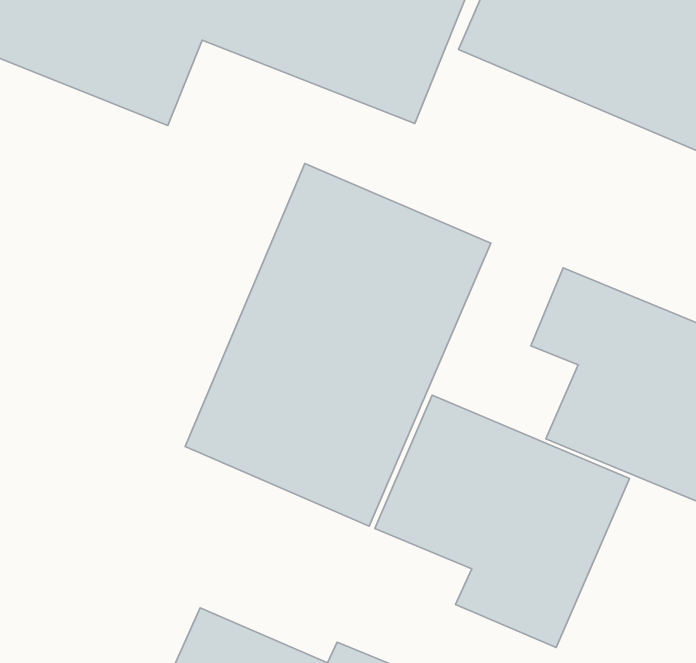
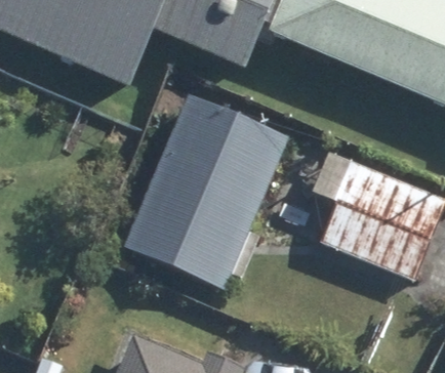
building: [375,395,629,648] -> none

